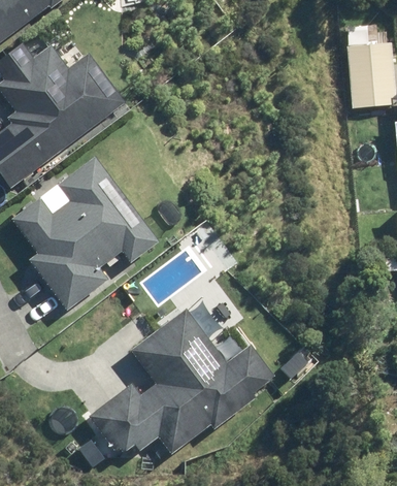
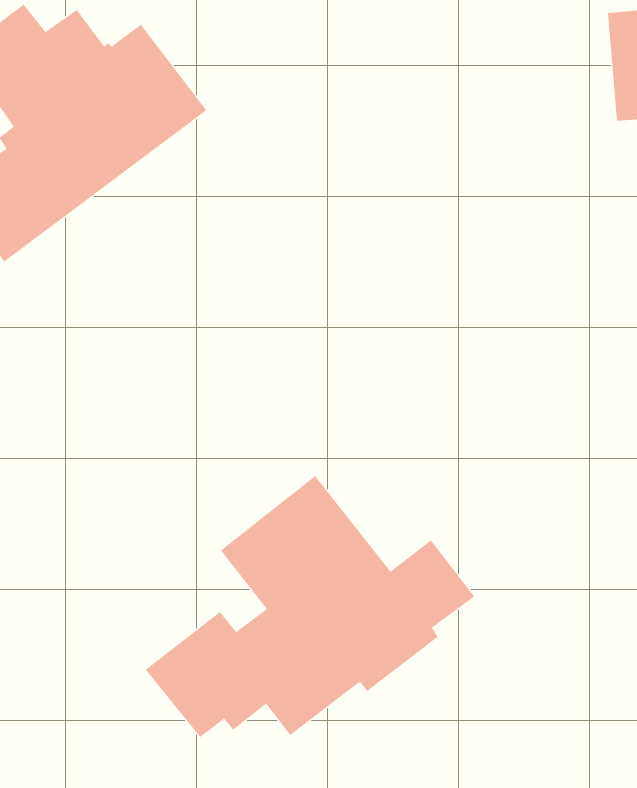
building: [10,157,158,311] -> none

